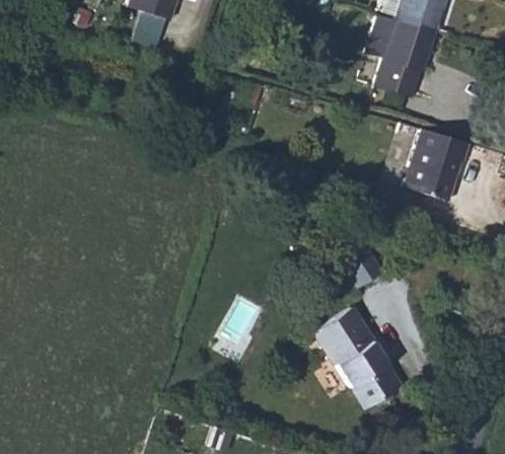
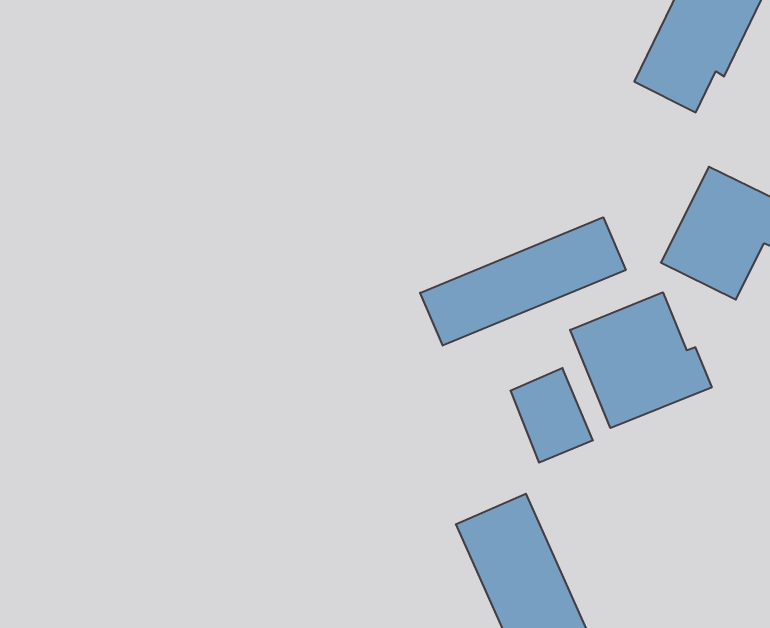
building: none -> [420,217,626,346]
building: none -> [570,292,712,428]

